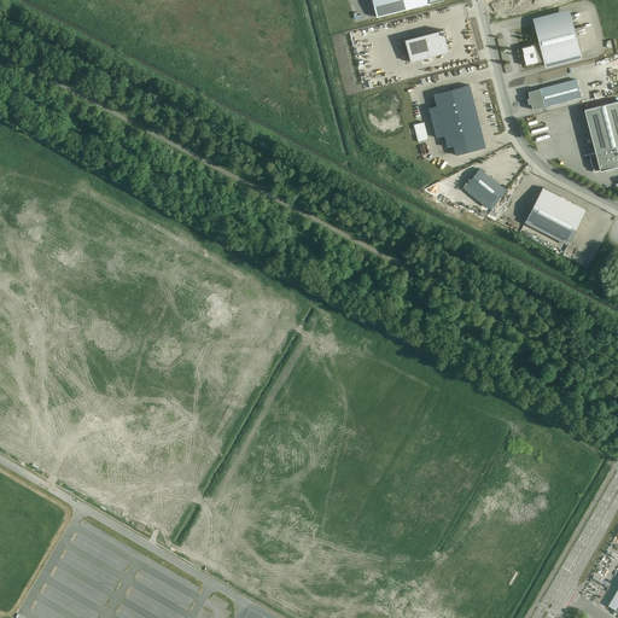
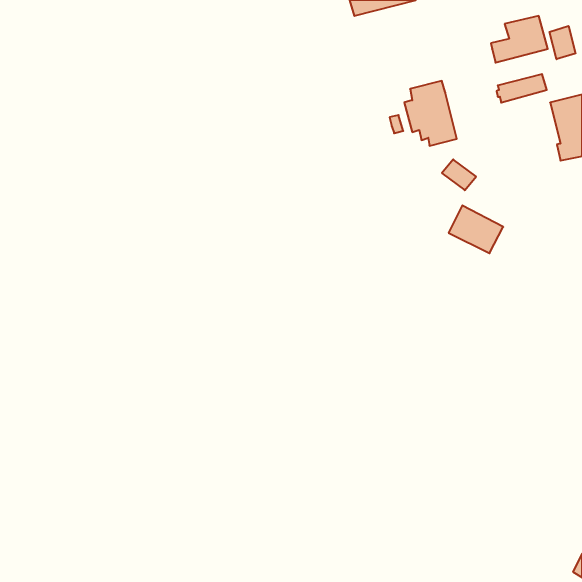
building: none -> [549,26,576,59]
building: [406,30,449,62] -> none
building: [527,188,585,239] -> [449,205,503,253]

